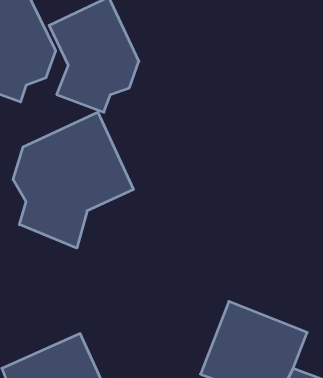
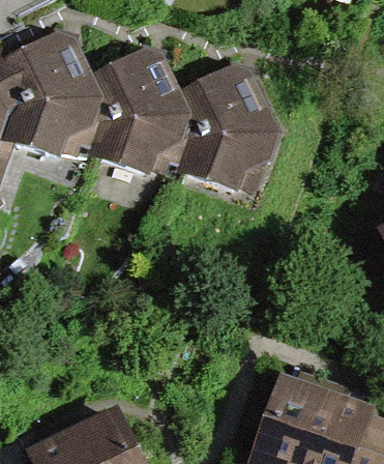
building: none -> [174,61,273,187]
building: [13,112,133,248] -> none

